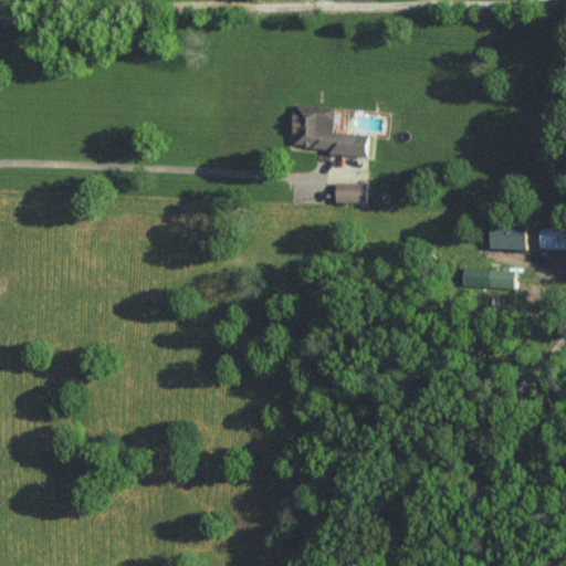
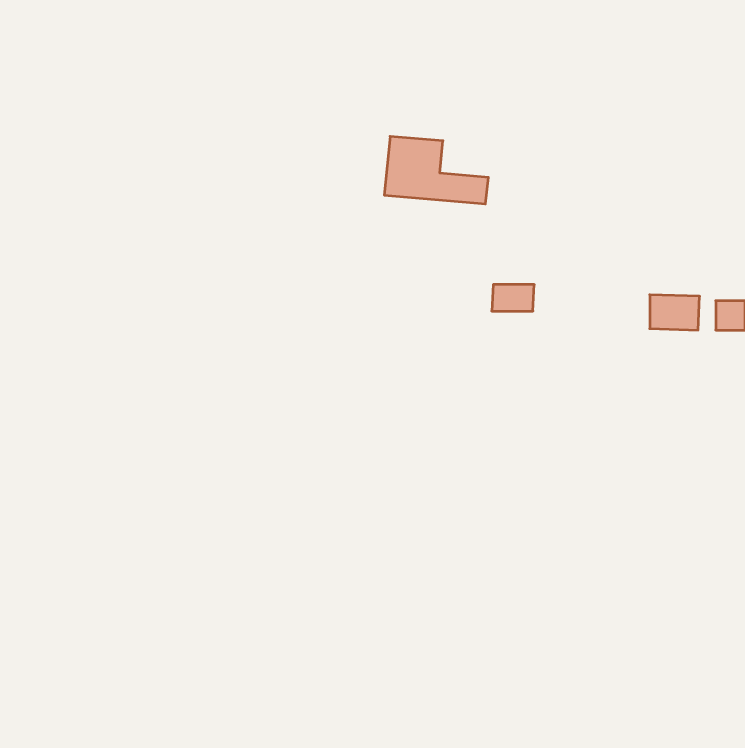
building: [334,182,366,202] -> [492,285,534,311]
building: [461,269,513,287] -> none

